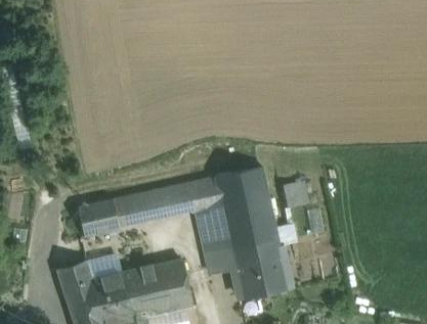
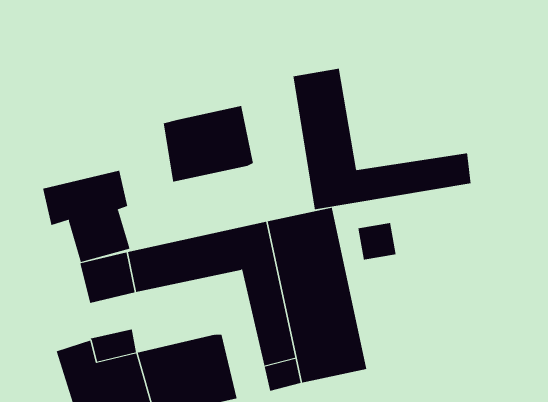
building: none -> [293,68,471,210]
building: none -> [163,105,254,182]
building: none -> [42,170,130,263]

